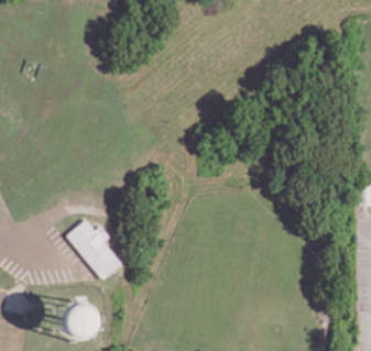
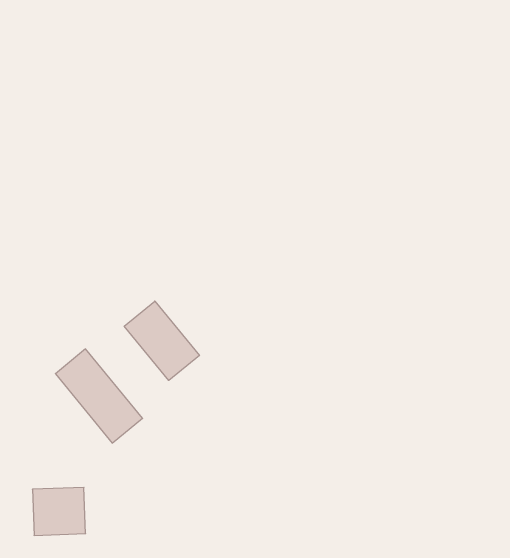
building: none -> [124,301,199,380]

